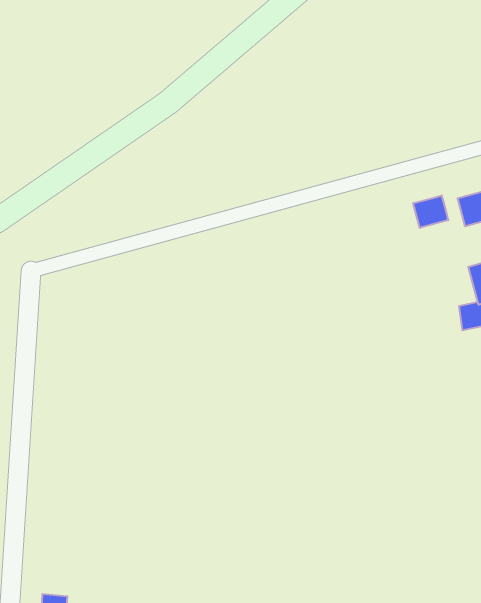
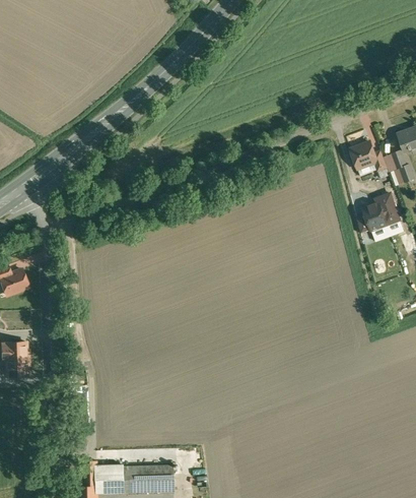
building: [413,195,448,228] -> none

